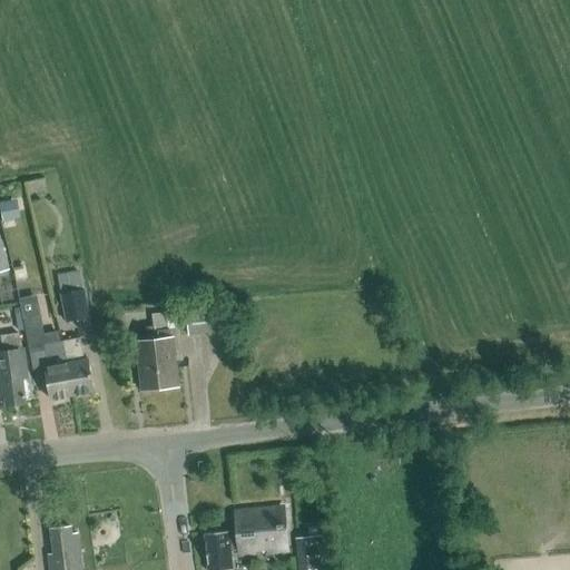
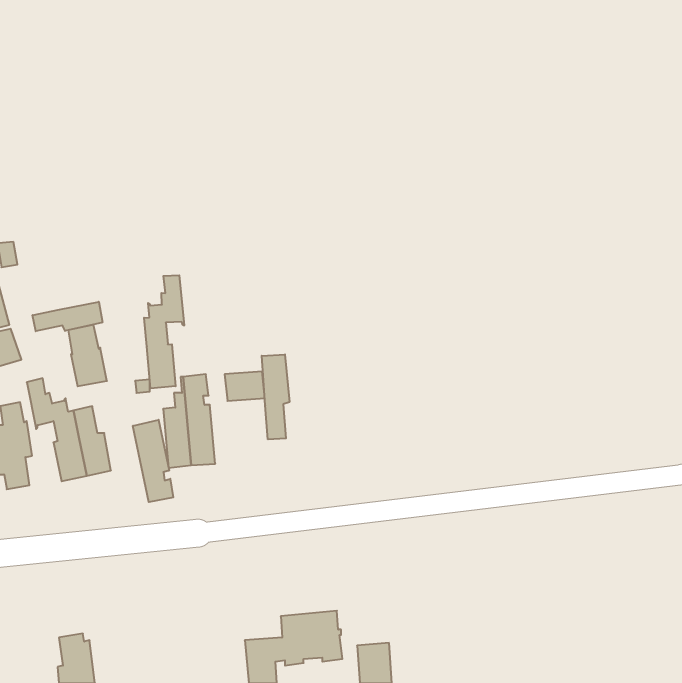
building: none -> [144,275,184,388]
building: none -> [33,302,102,331]
building: none -> [262,354,289,439]
building: none -> [133,420,173,502]

